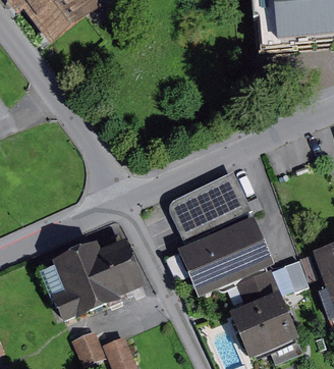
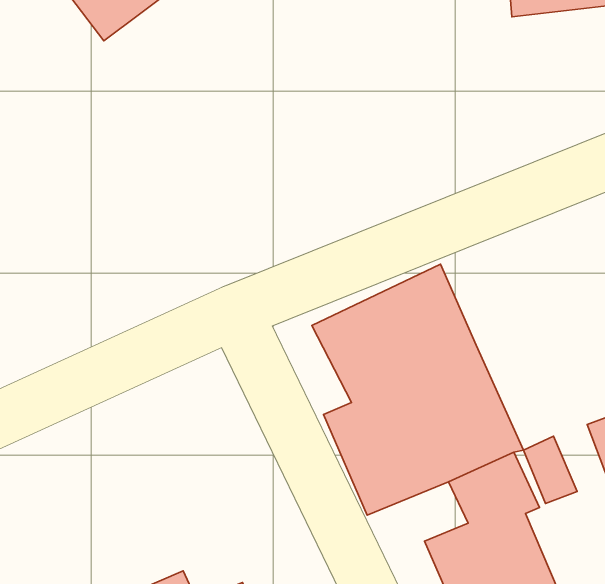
building: [47,243,153,325] -> none

